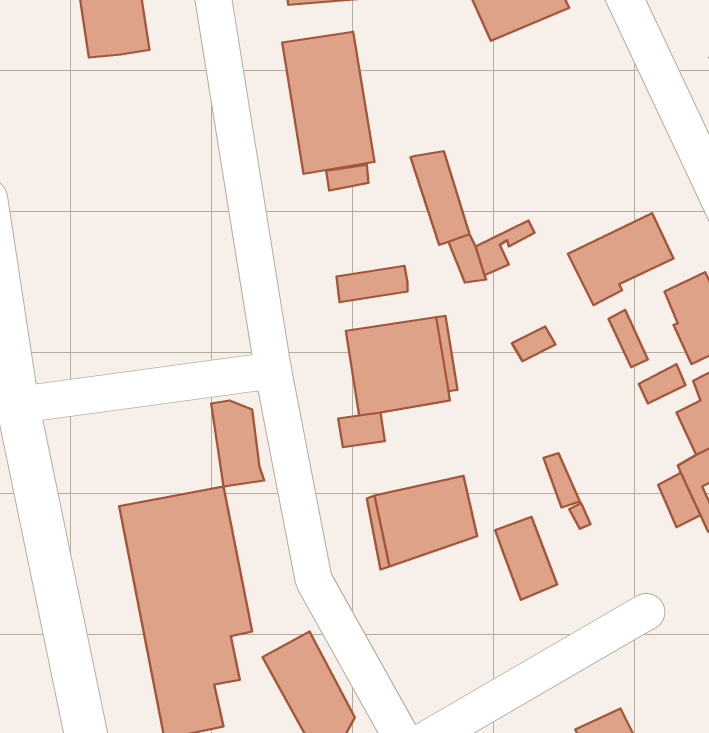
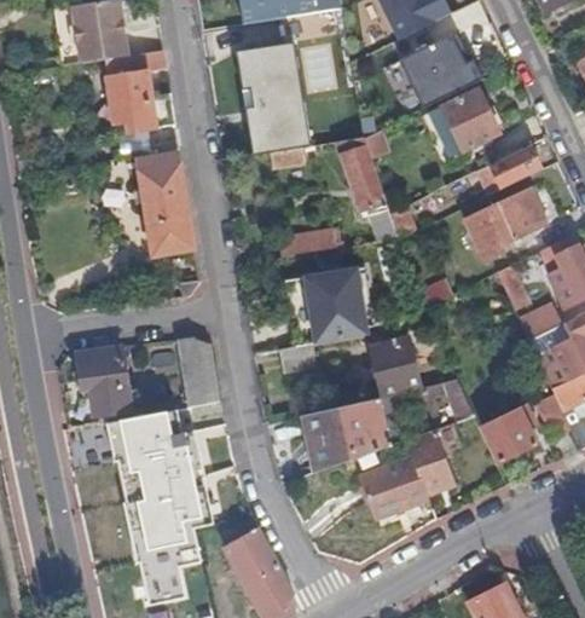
building: none -> [401,31,483,105]
building: none -> [105,50,174,131]
building: none -> [441,88,498,150]
building: none -> [479,145,541,195]
building: none -> [137,151,198,298]
building: none -> [370,337,419,395]
building: none -> [76,347,138,416]
building: none -> [482,408,537,462]
building: none -> [359,457,427,520]

